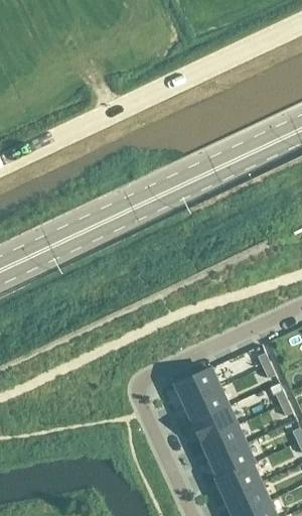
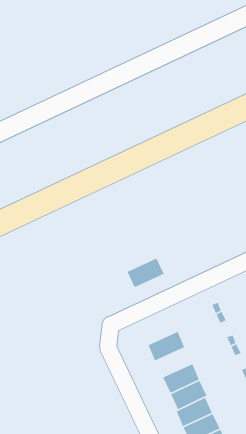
building: [175,368,219,403] -> [126,257,165,288]
building: [192,406,237,440] -> none

